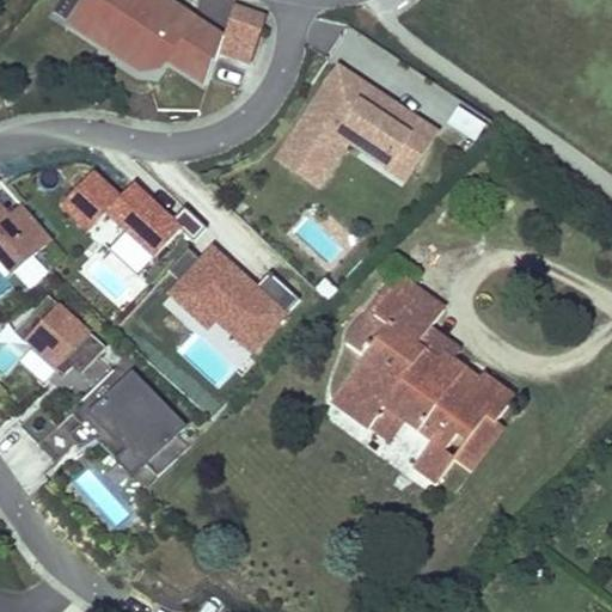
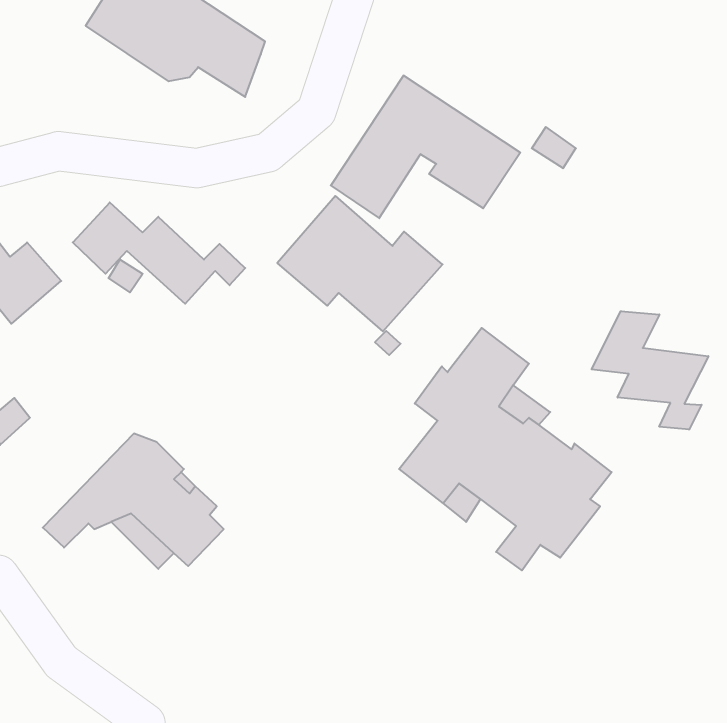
building: [219,5,262,55] -> none
building: [161,243,300,356] -> [277,196,443,331]
building: none -> [592,311,708,430]
building: [14,293,103,372] -> none

